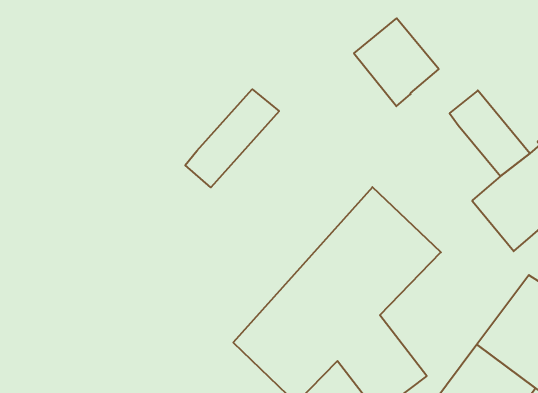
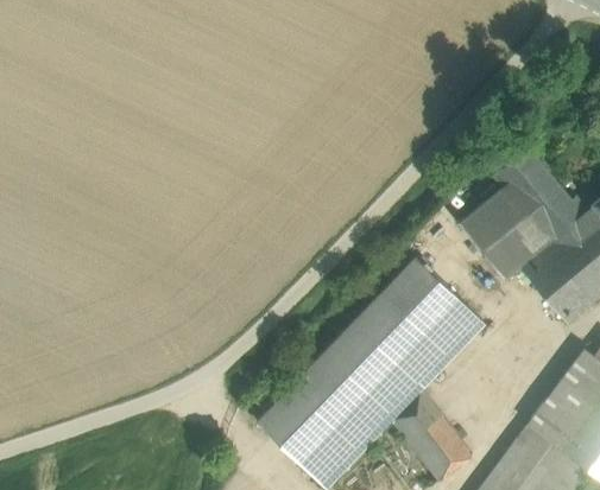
building: [354,18,439,106] -> [460,186,552,282]
building: [185,89,279,187] -> none

